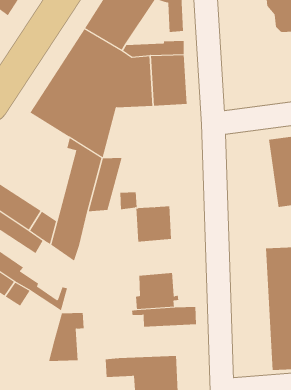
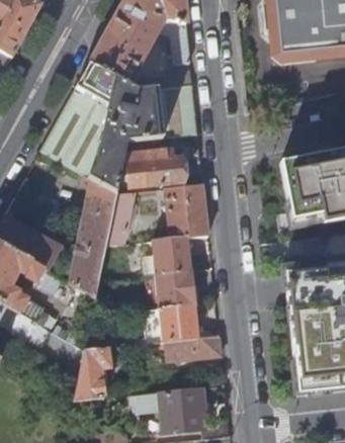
building: none -> [125,148,183,186]
building: none -> [165,183,207,238]
building: none -> [156,269,193,307]

